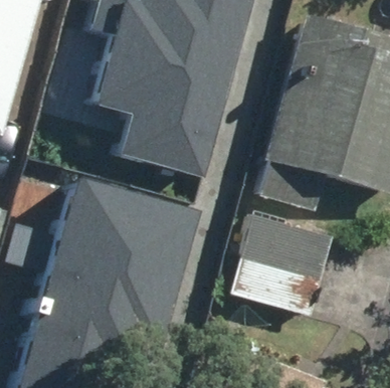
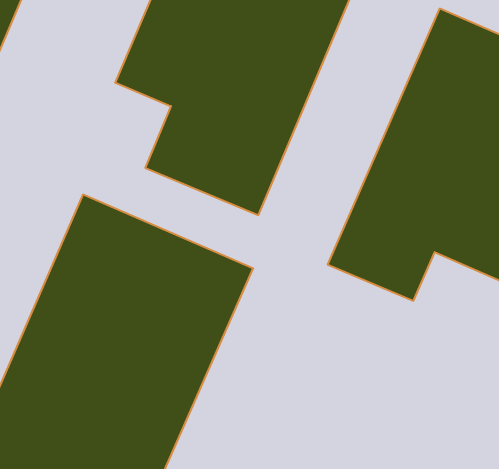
building: [227,210,331,315] -> none

